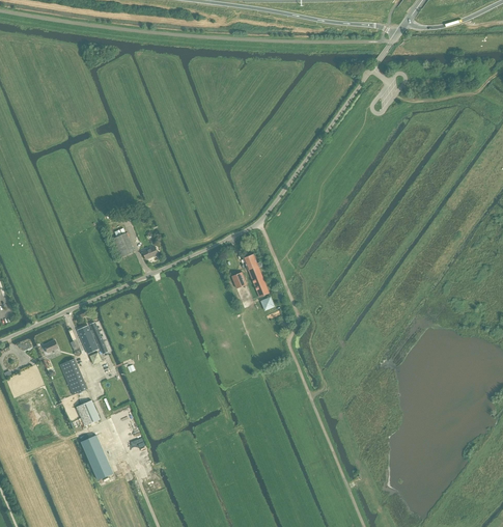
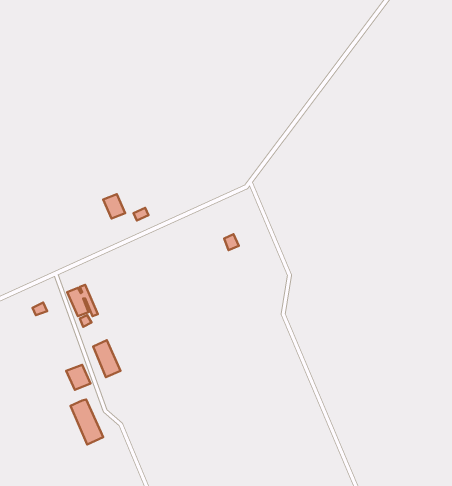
building: [244,253,270,297] -> none
building: [60,358,87,394] -> [93,340,120,377]

